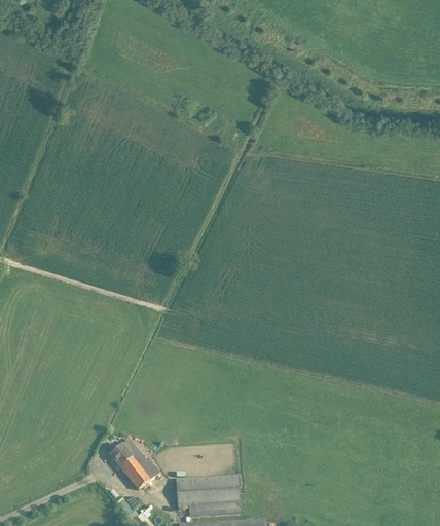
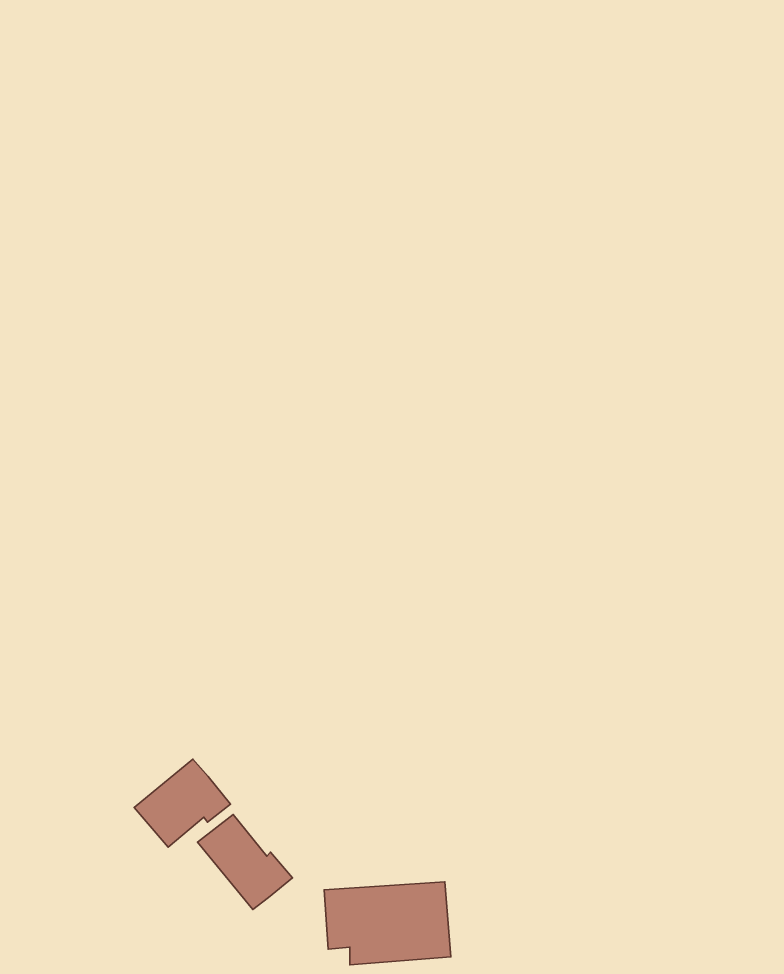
building: none -> [134,759,231,847]

